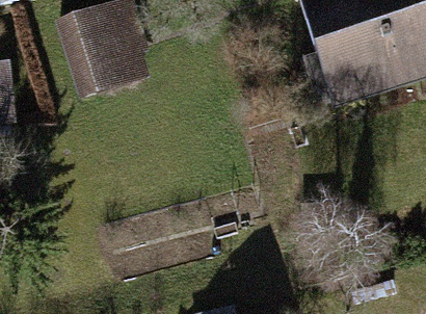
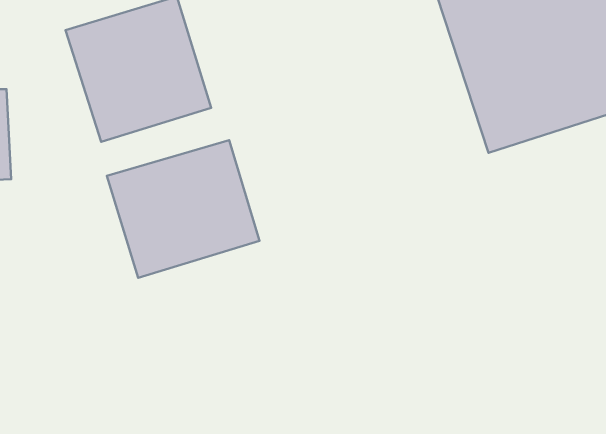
building: none -> [107,140,260,278]

